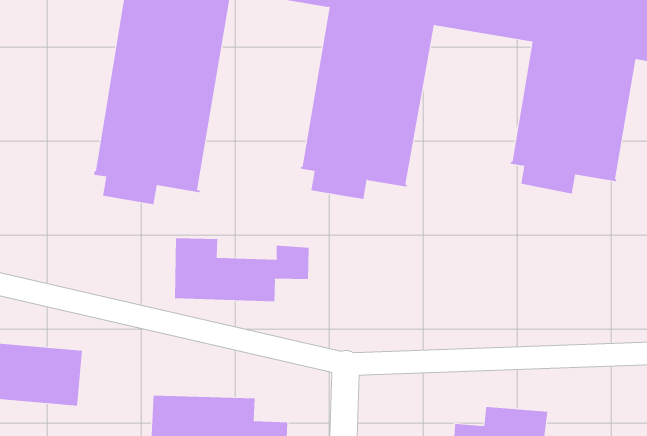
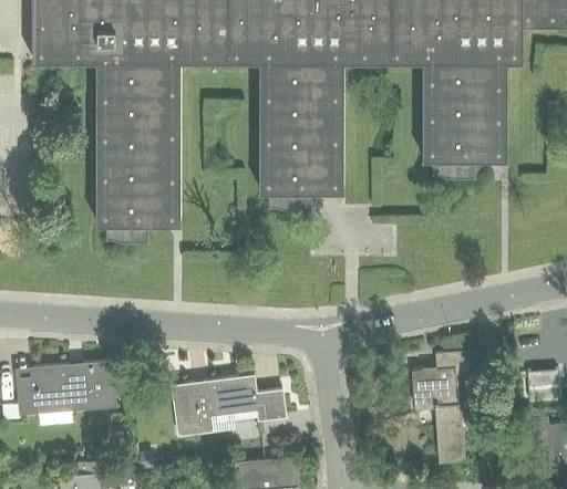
building: [175,238,309,302] -> none

